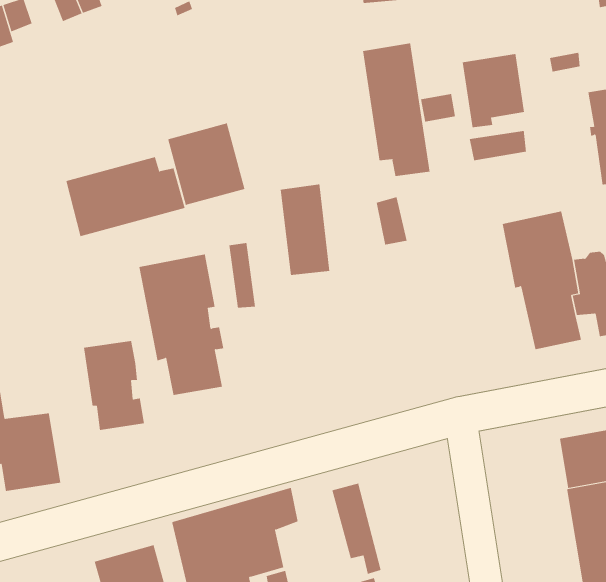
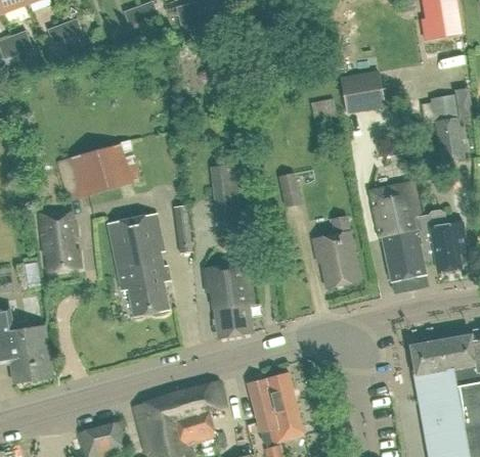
building: [362,42,430,177] -> none
building: [168,122,245,206] -> none
building: [469,130,526,161] -> none
building: none -> [313,216,360,287]
building: none -> [204,263,253,336]
building: [83,340,145,431] -> [38,207,82,271]
building: none -> [266,370,304,439]

